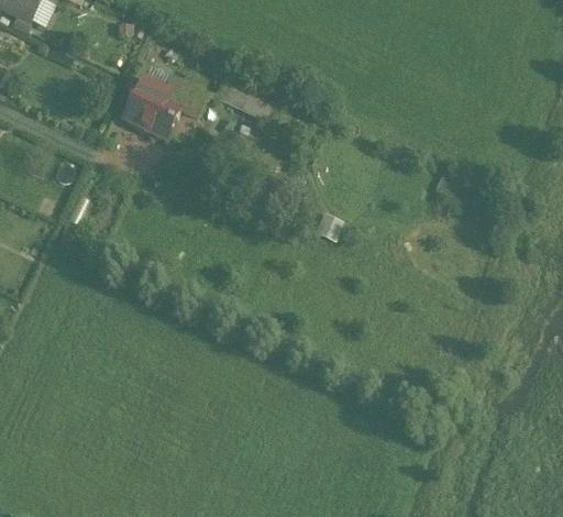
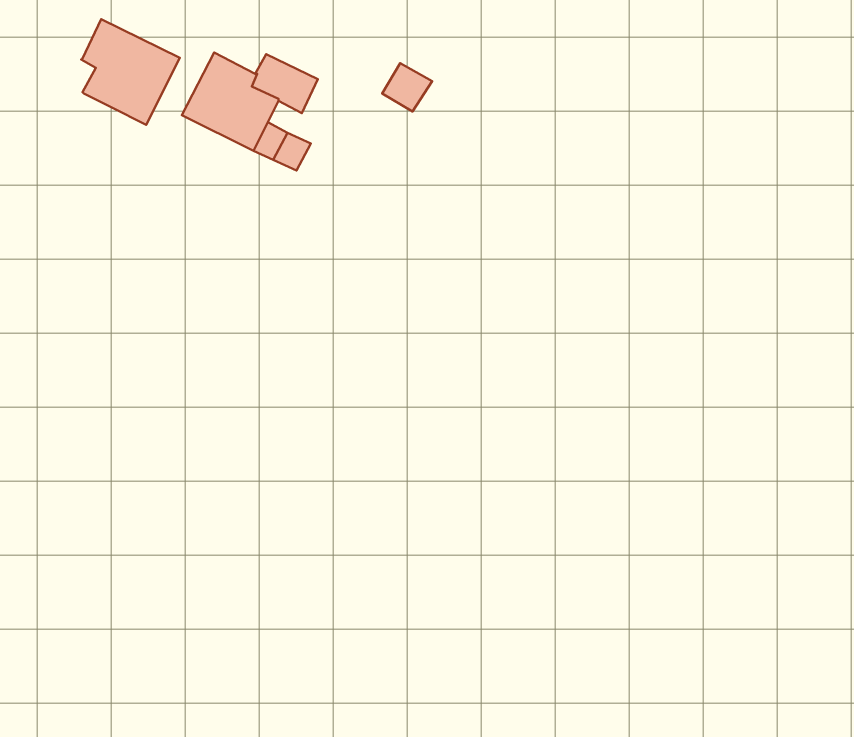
building: none -> [81,19,180,125]

